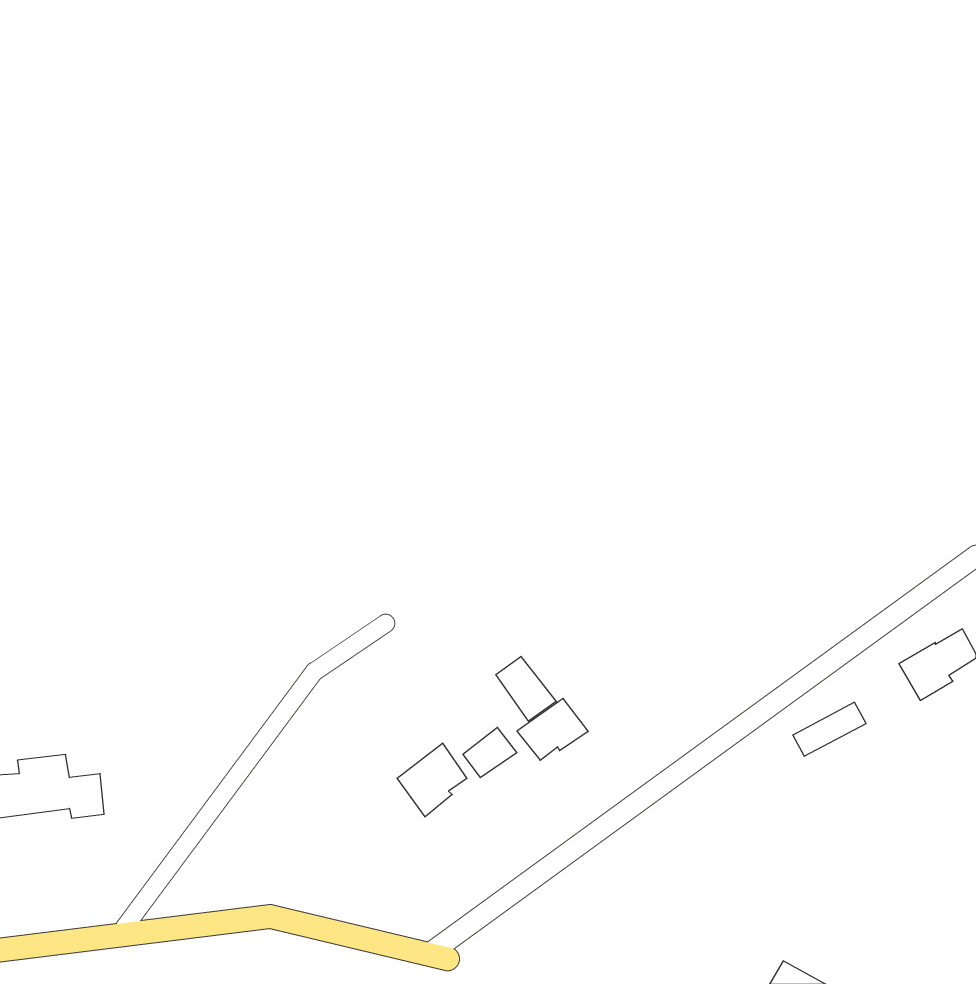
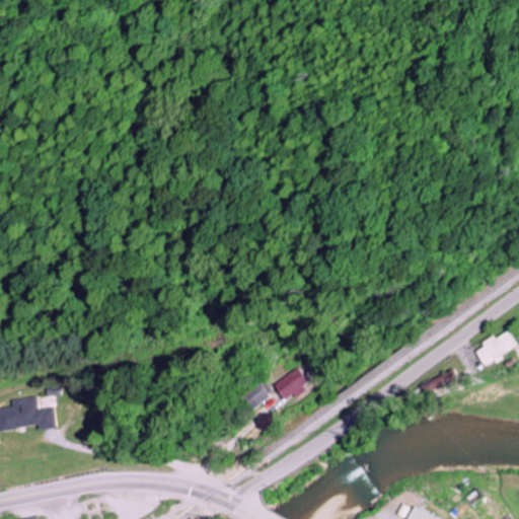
building: [496,656,556,721] -> none
building: [397,743,467,817] -> none

